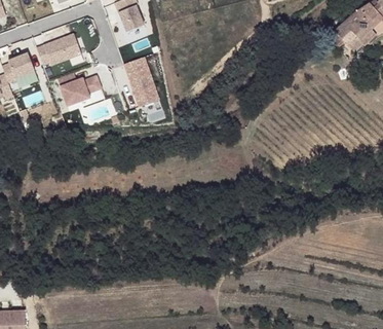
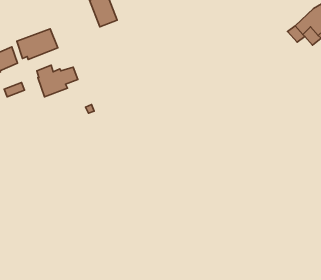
building: [122,57,157,106] -> none

